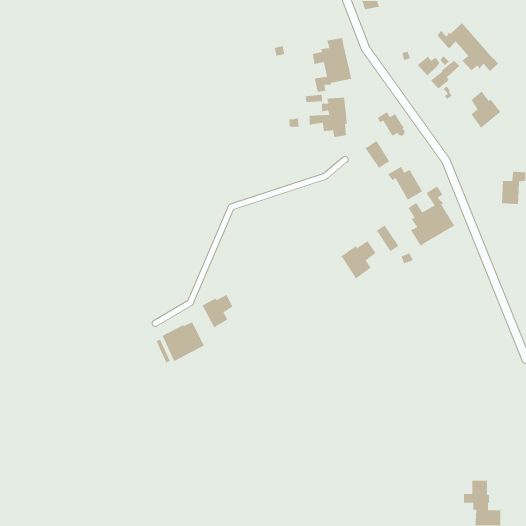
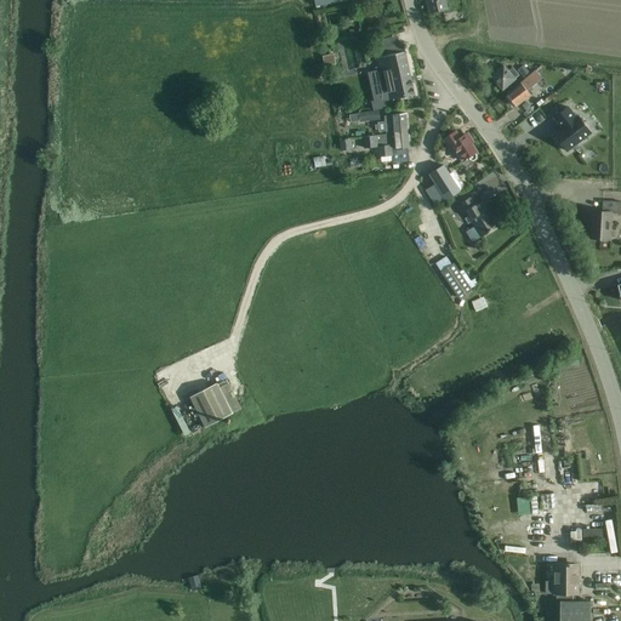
building: [436,22,499,72] -> none
building: [408,185,455,247] -> none
building: [340,240,376,279] -> none
building: [202,294,233,328] -> none

